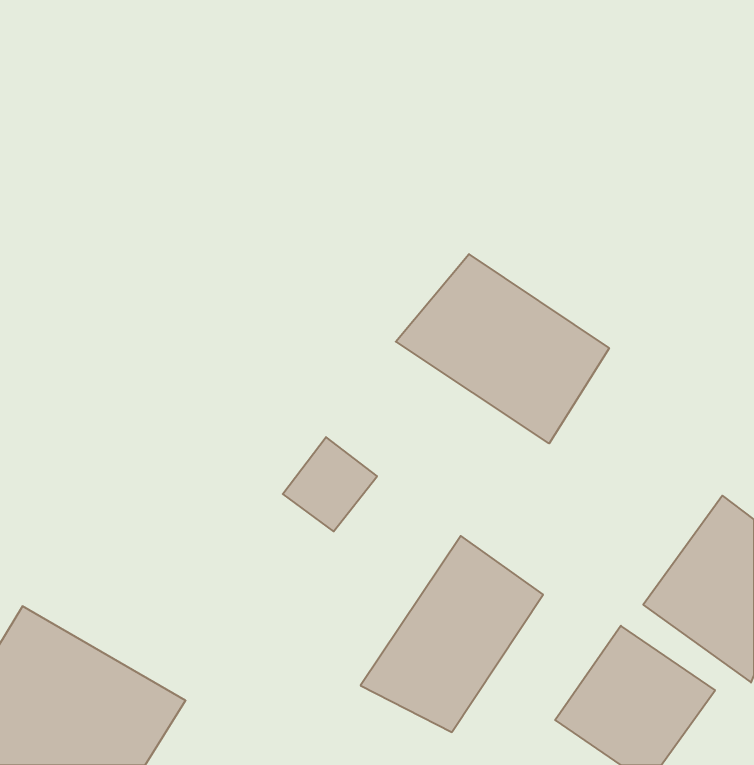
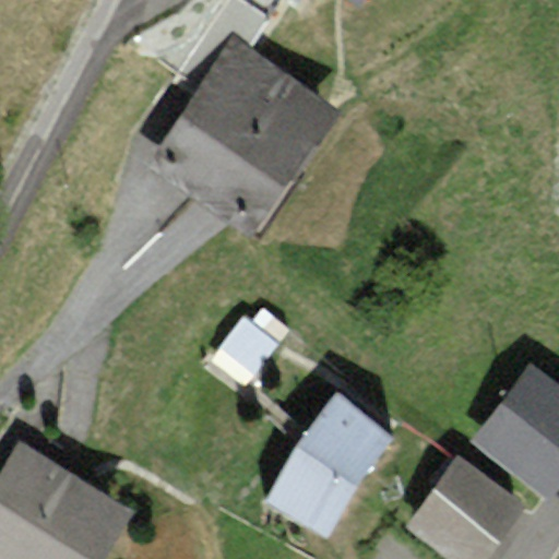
building: none -> [151,39,340,231]
building: [396,254,609,443] -> none

